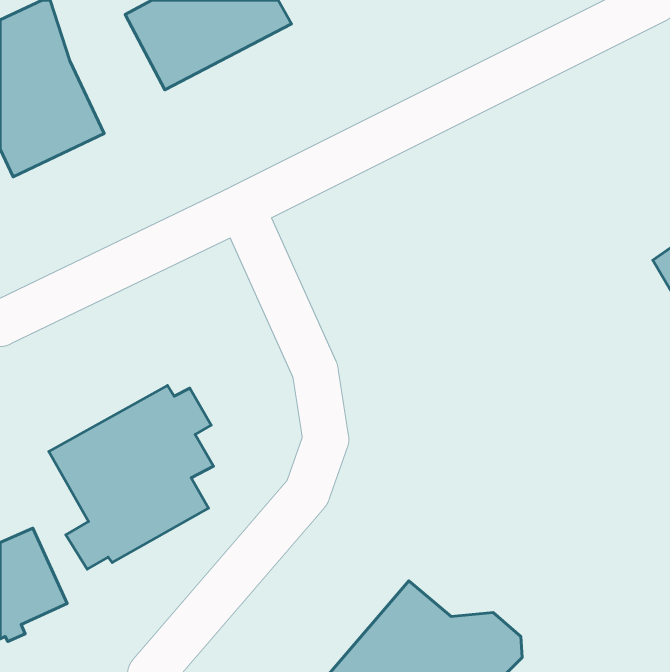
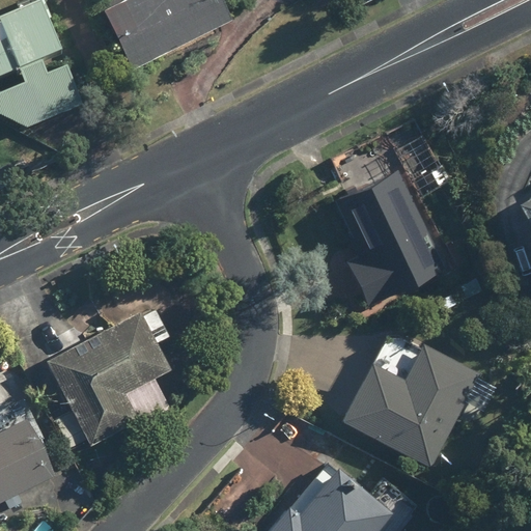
building: none -> [333,169,443,307]
building: none -> [342,333,480,465]

